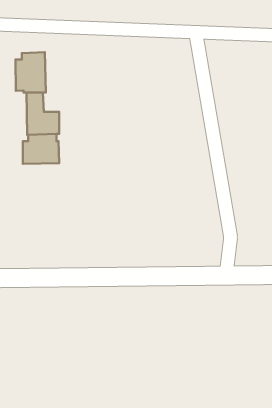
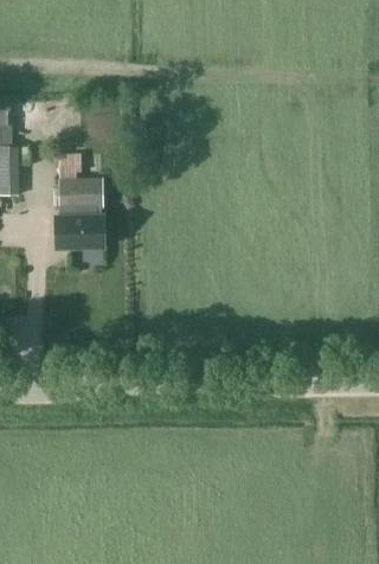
building: [15,52,46,93] -> none

